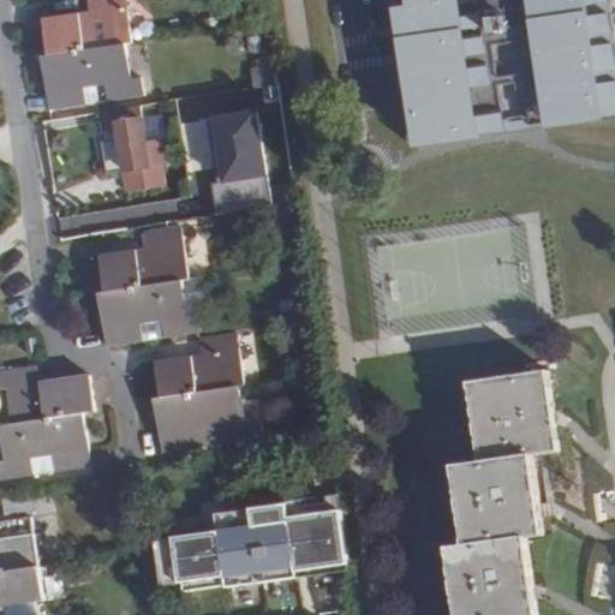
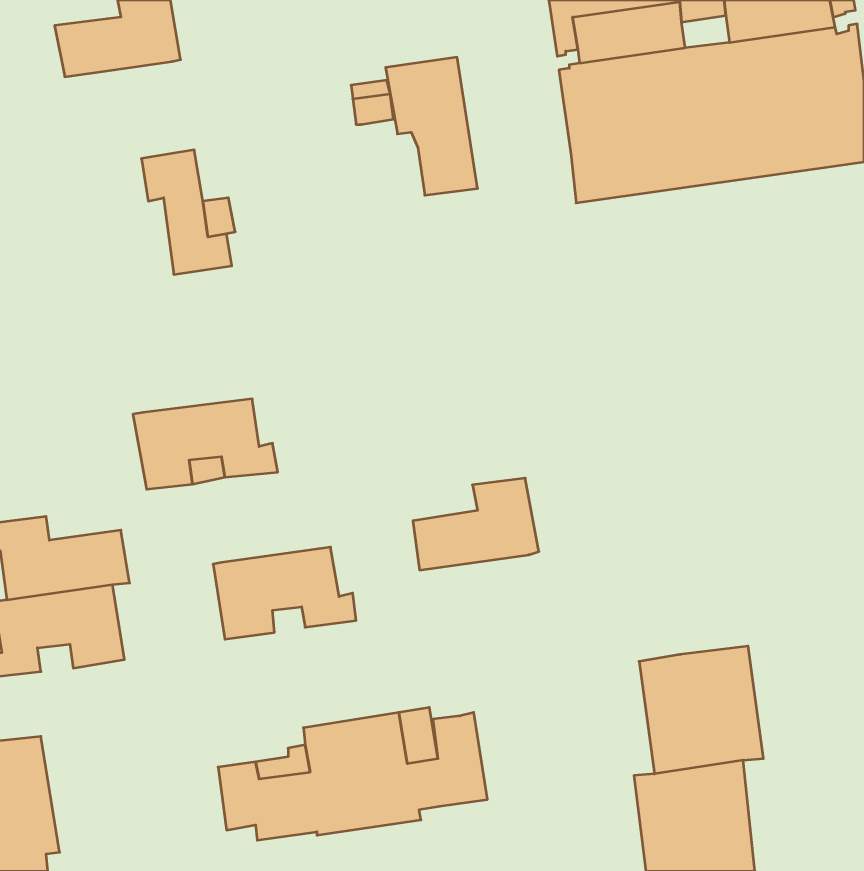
building: [38,43,141,109] -> none
building: [205,113,270,210] -> [386,57,478,195]
building: [95,226,183,291] -> none
building: [151,332,240,396] -> [413,478,539,570]
building: [467,374,555,461] -> none

